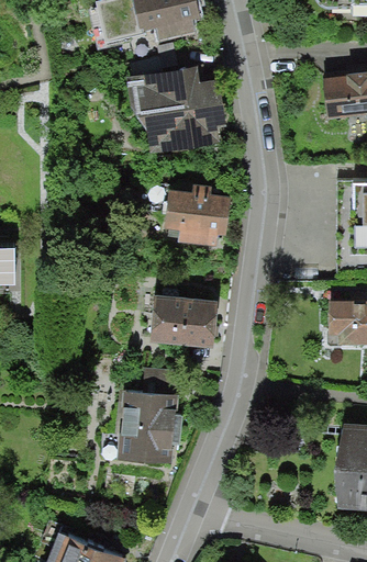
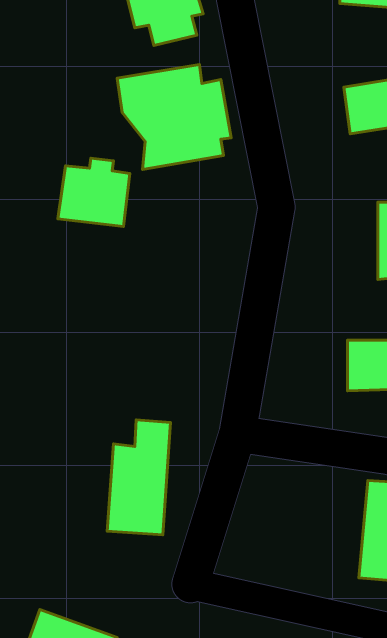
building: [165,184,227,244] -> [58,158,130,226]
building: [151,292,223,347] -> none

